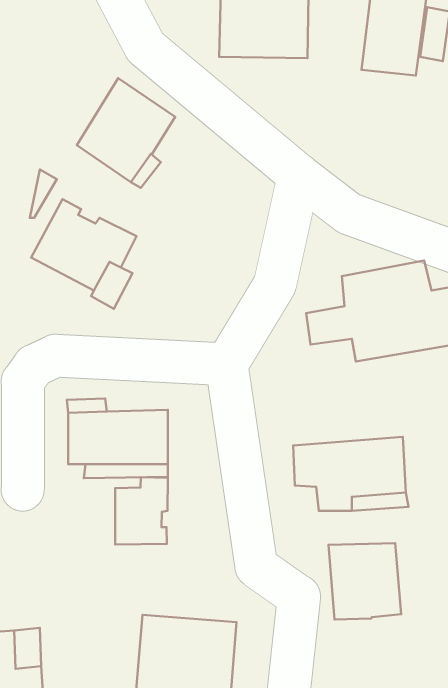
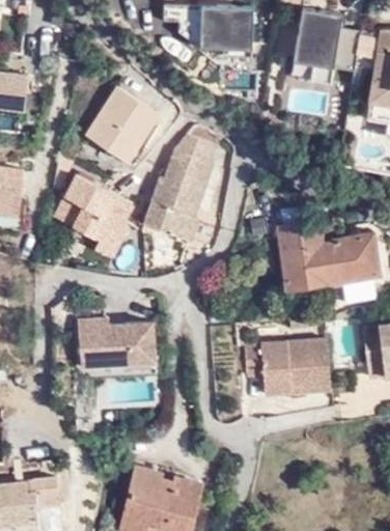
building: none -> [141,131,211,236]
building: [115,477,168,545] -> none
building: [329,543,401,619] -> none

